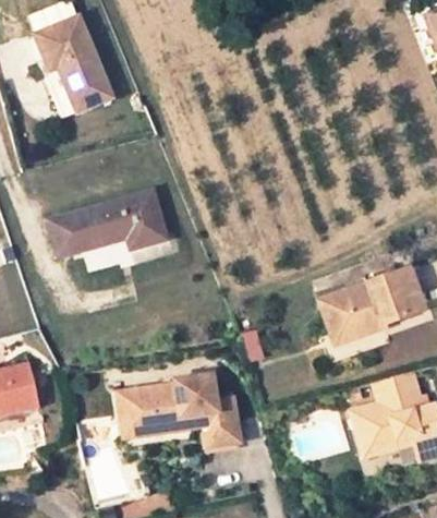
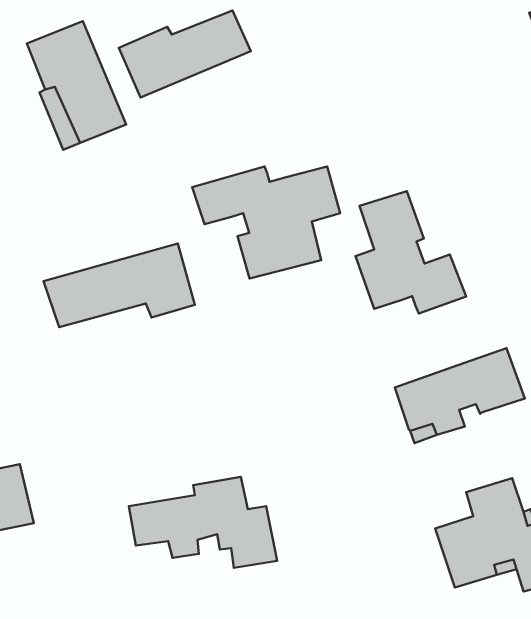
building: none -> [119,11,251,97]
building: none -> [192,167,340,279]
building: none -> [355,191,466,314]

